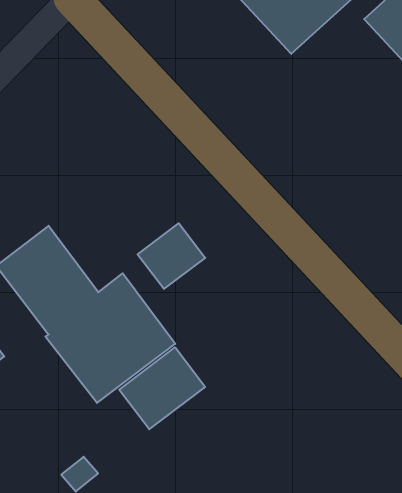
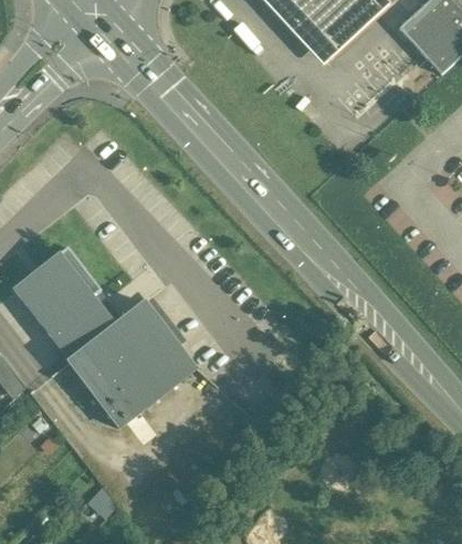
building: [138,223,205,289] -> none
building: [119,347,205,429] -> none

